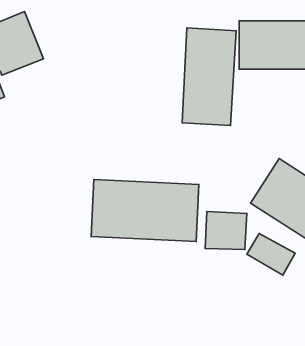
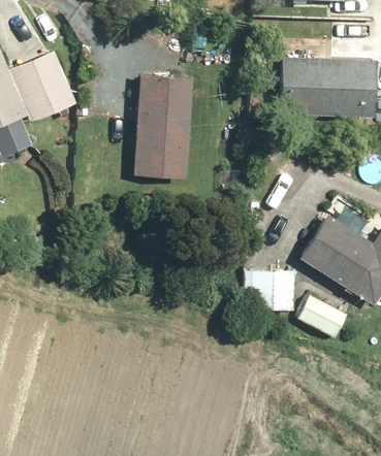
building: [182,28,236,126] -> [133,72,192,178]
building: [91,180,199,242] -> none

